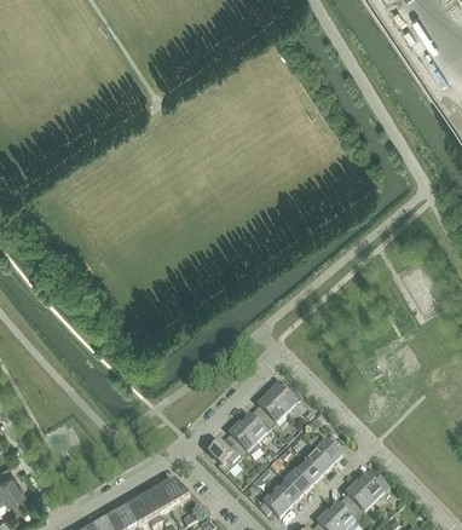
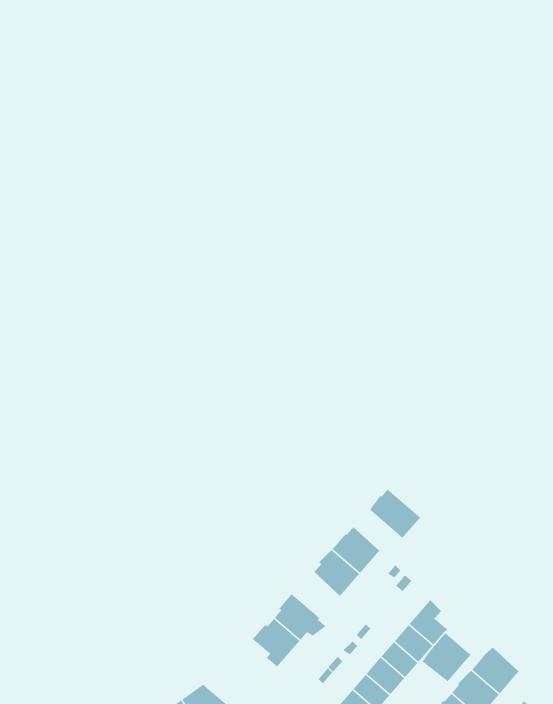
building: none -> [369,489,421,539]
building: [237,409,270,440] -> none
building: none -> [421,632,471,682]

